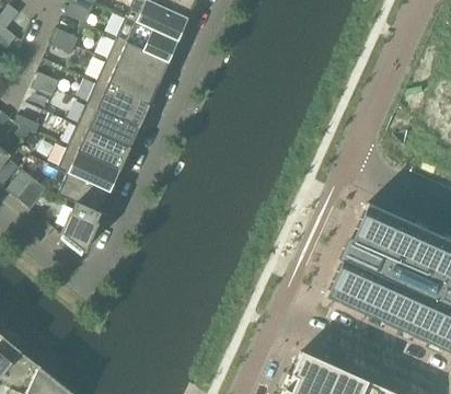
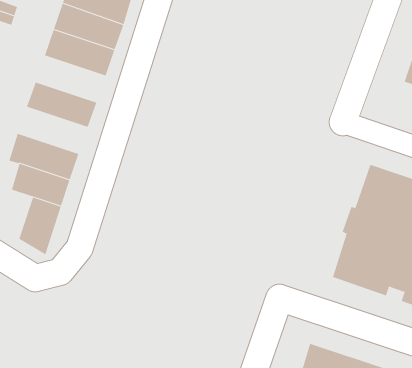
building: [86,82,148,127] -> none
building: [67,125,128,170] -> none

